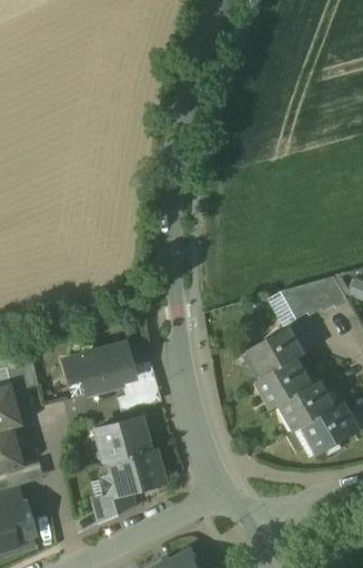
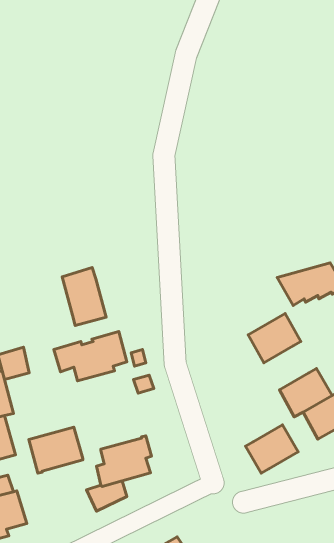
building: none -> [62,268,106,325]
building: [261,359,313,407] -> [245,425,298,473]
building: [94,418,148,464] -> [29,427,83,473]

